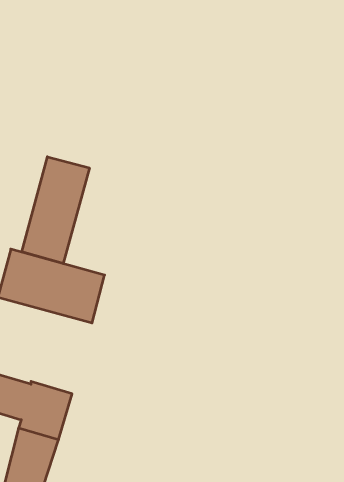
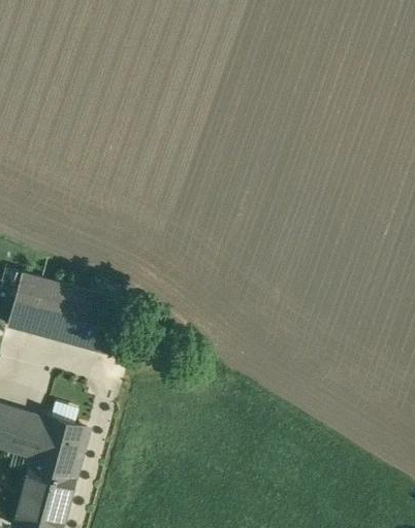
building: [22,157,89,264] -> none

